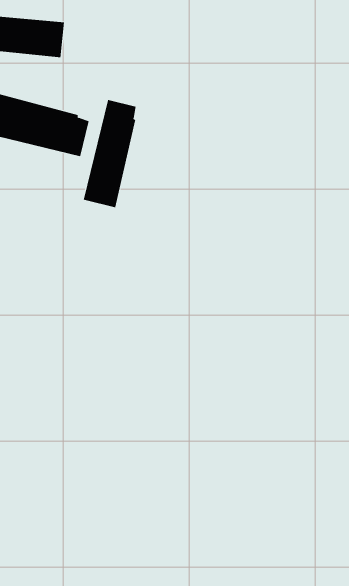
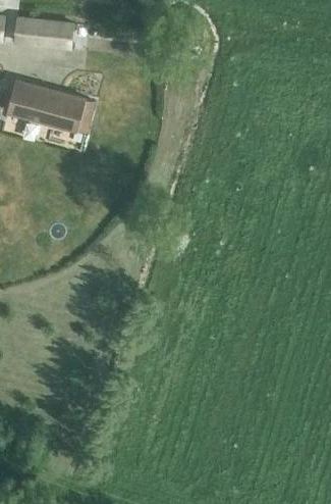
building: [83,99,136,208] -> none

